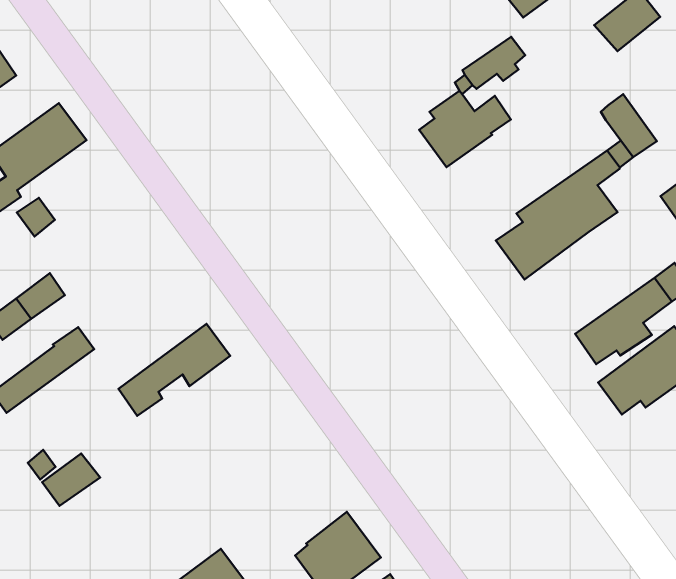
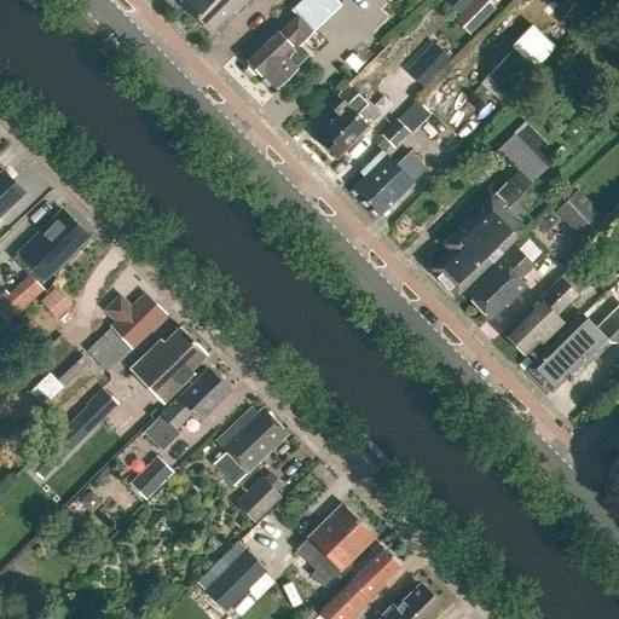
building: none -> [317,92,382,157]
building: none -> [87,293,166,364]
building: none -> [467,247,534,318]
building: none -> [131,326,208,404]
building: none -> [216,407,288,482]
building: [42,453,100,506] -> [129,455,175,499]
building: none -> [236,475,282,521]

